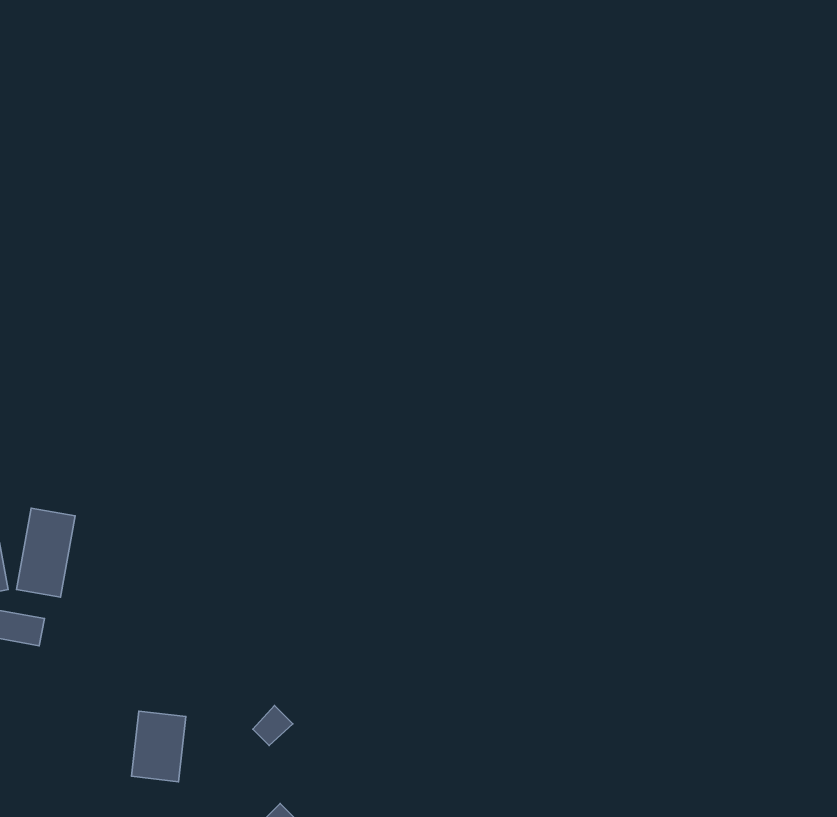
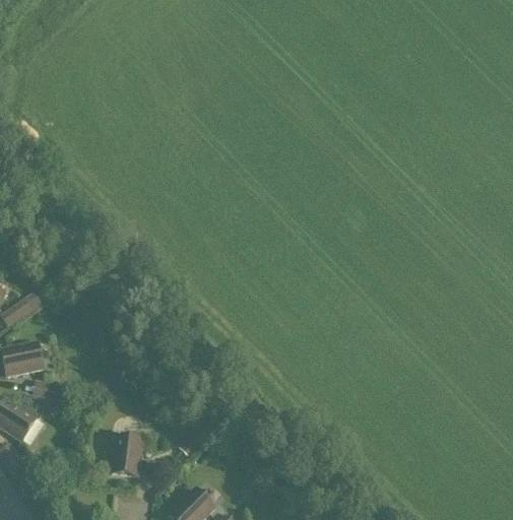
building: [17,508,75,597] -> none

